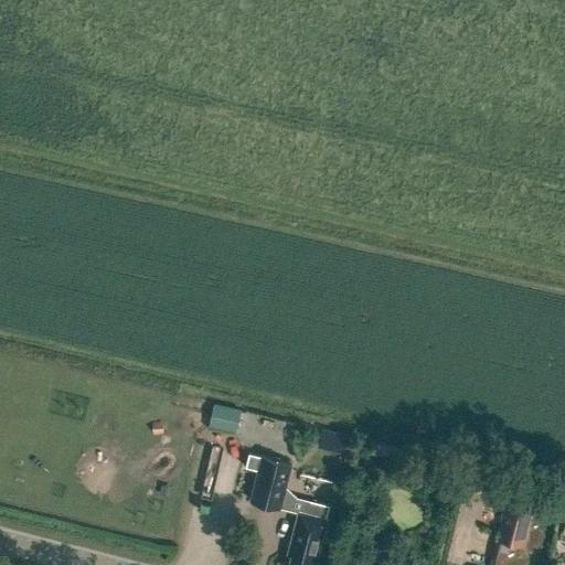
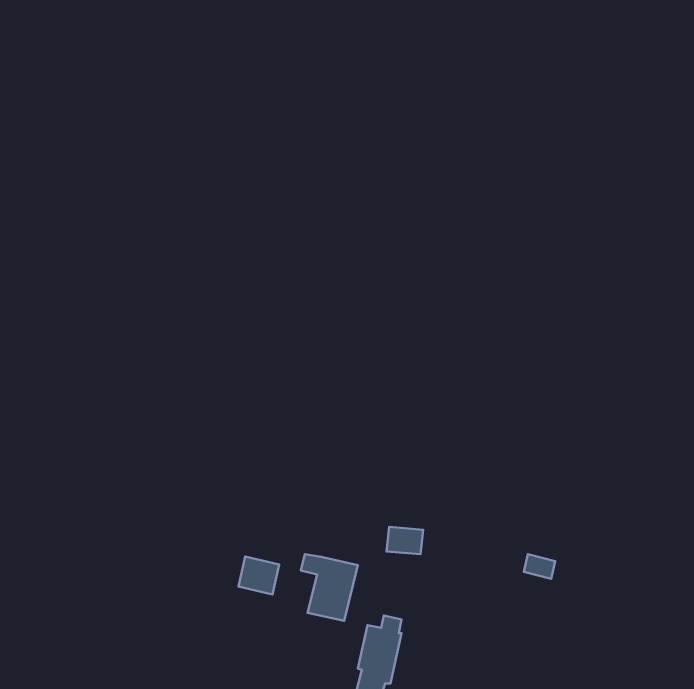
building: [210,407,243,438] -> [238,556,279,595]
building: [495,497,537,551] -> none

